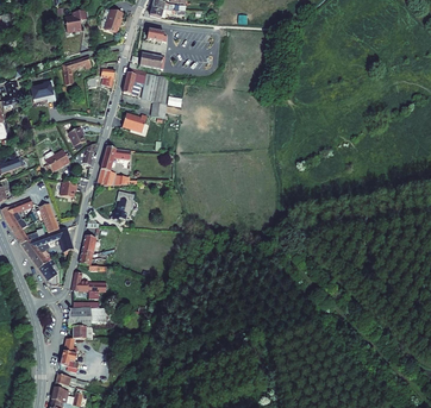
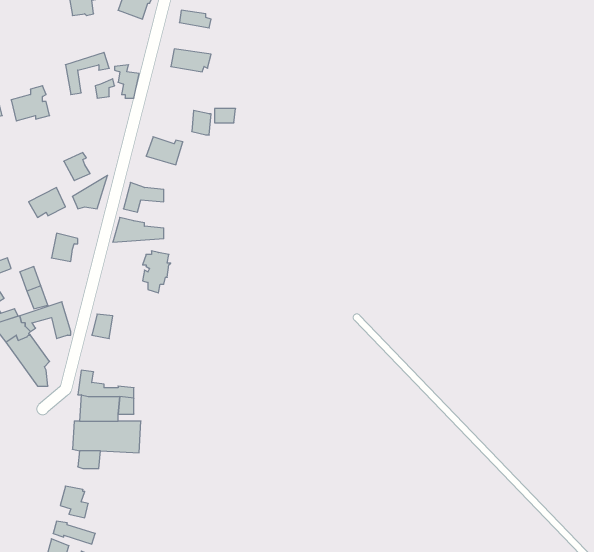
building: [124,68,168,96] -> none

